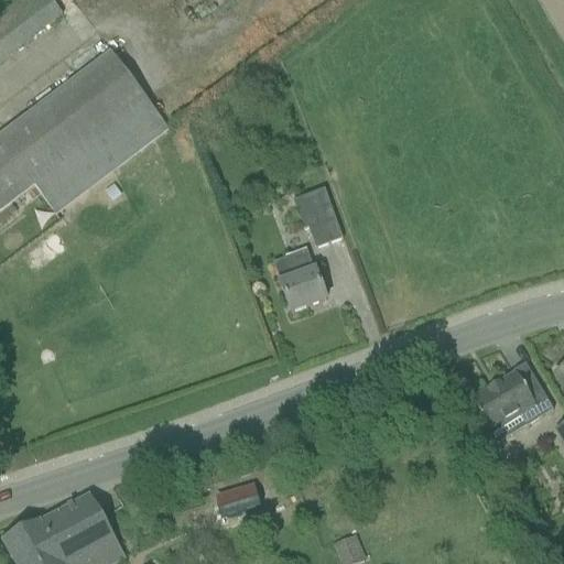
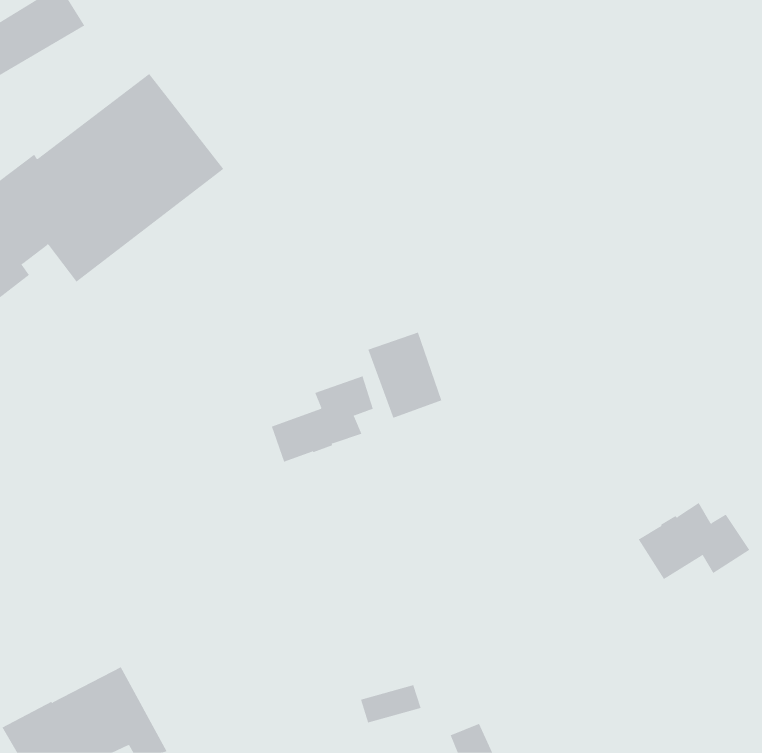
building: [292,185,341,245] -> none
building: none -> [271,376,373,463]
building: [215,487,260,516] -> [360,684,421,723]

